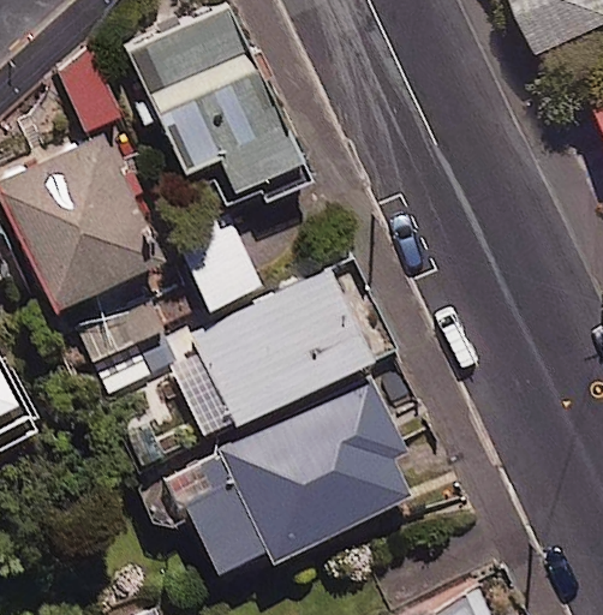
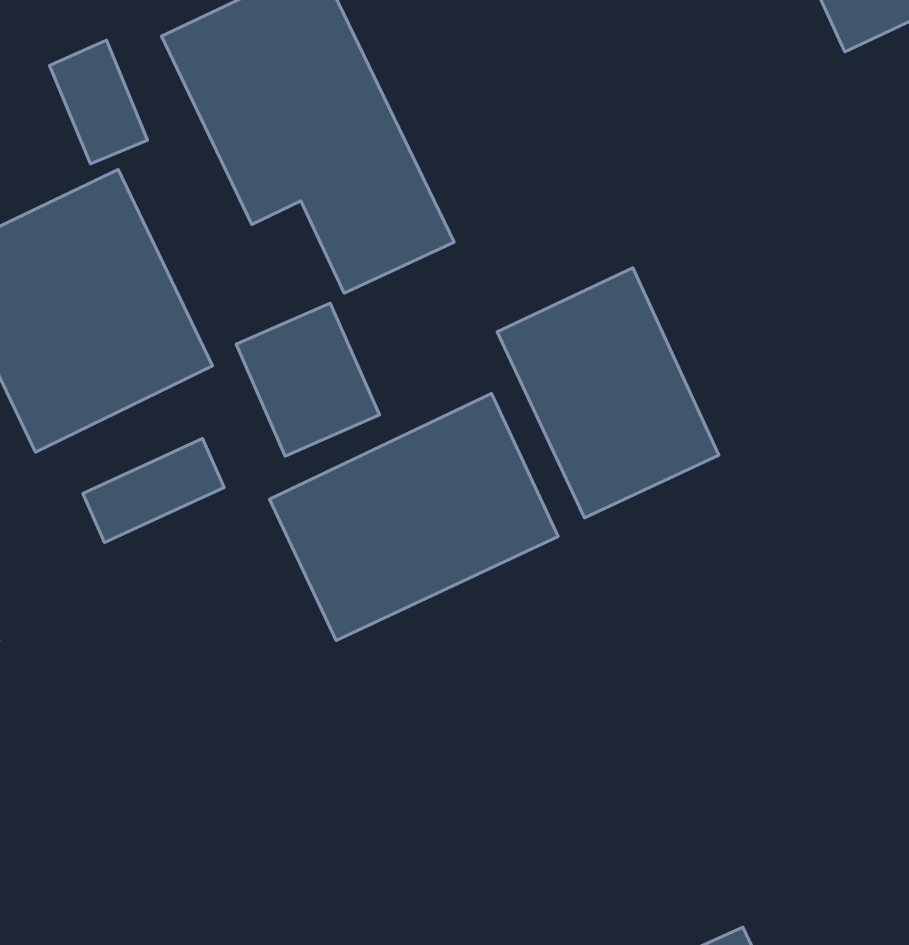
building: none -> [497,268,719,518]
building: [172,381,410,568] -> none

